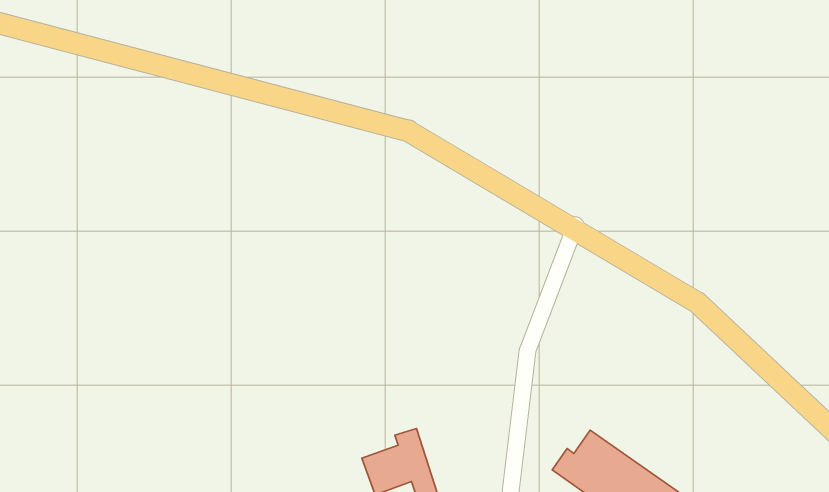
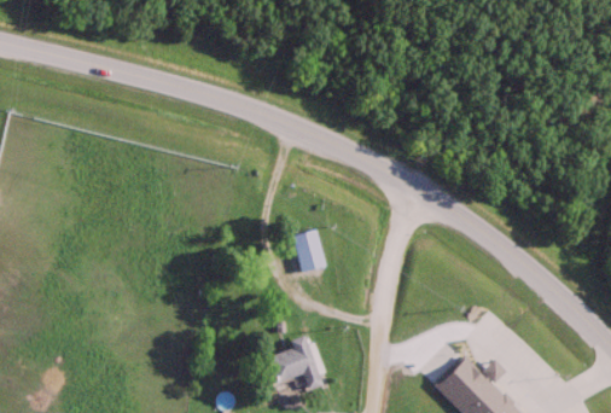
building: none -> [292,233,326,275]

